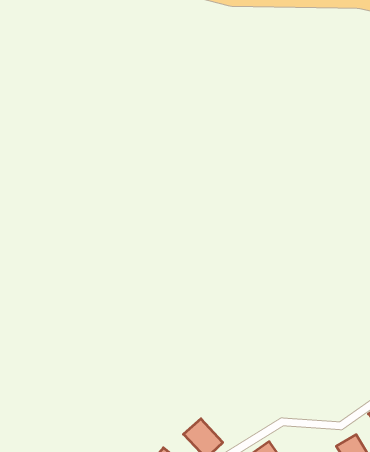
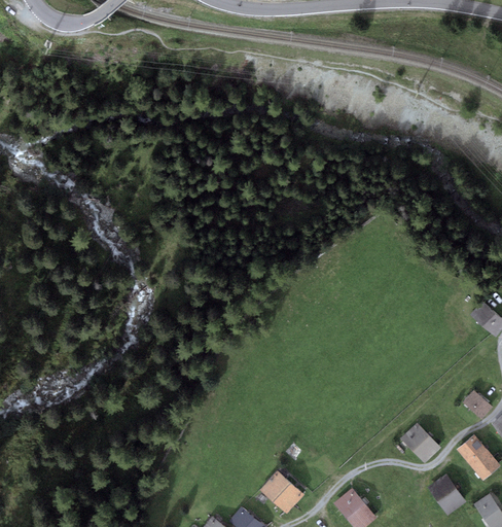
building: none -> [401,424,439,462]

